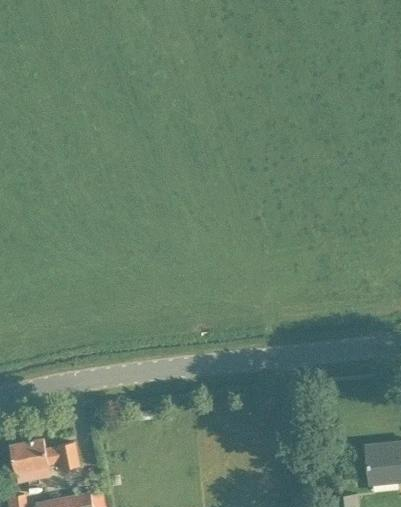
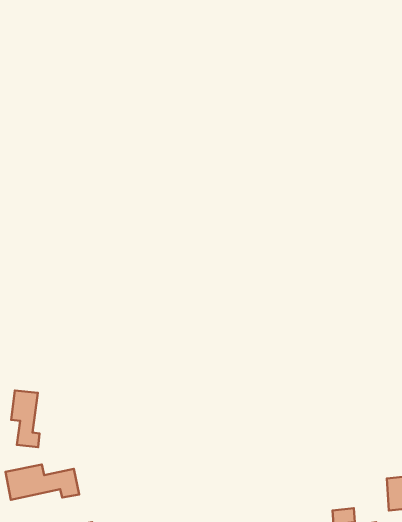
building: none -> [11,391,39,447]

